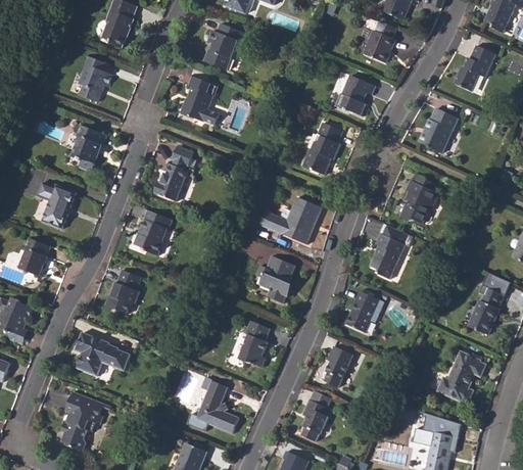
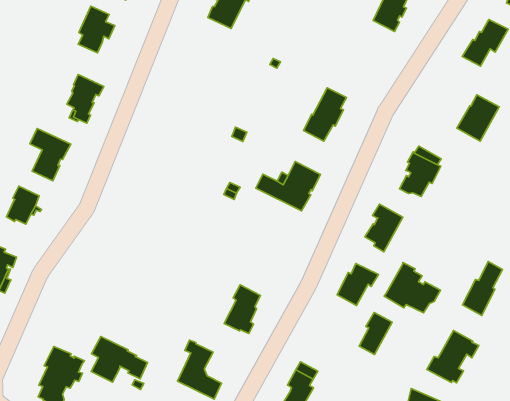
building: [180,76,219,125] -> none
building: [336,76,375,115] -> none
building: [419,108,459,153] -> [457,95,499,141]
building: [154,146,195,202] -> none
building: [134,209,172,255] -> none
building: [259,254,296,303] -> none
building: [106,269,141,314] -> none
building: none -> [384,263,440,313]
building: [76,332,131,376] -> [91,337,147,382]
building: [323,346,353,387] -> [359,313,392,354]

